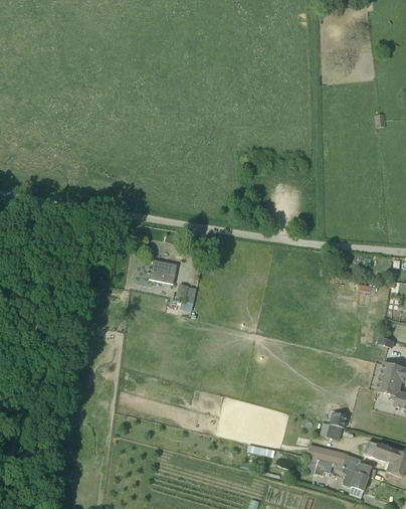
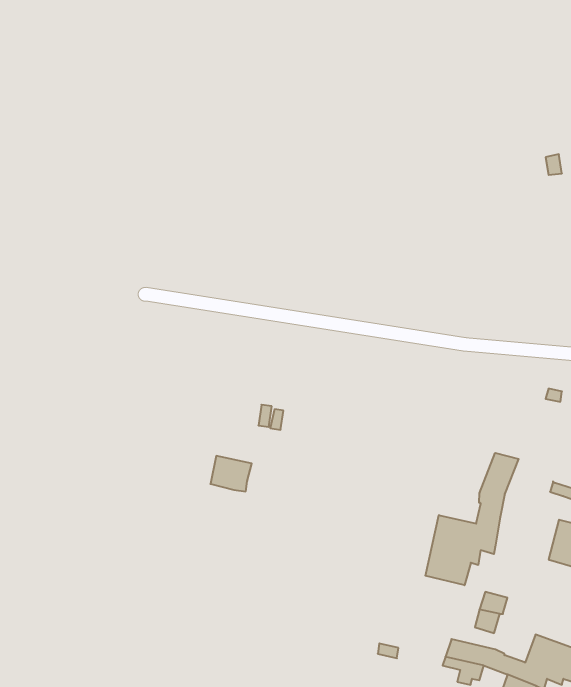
building: [150,259,178,283] -> [210,456,252,491]
building: none -> [425,453,519,585]

